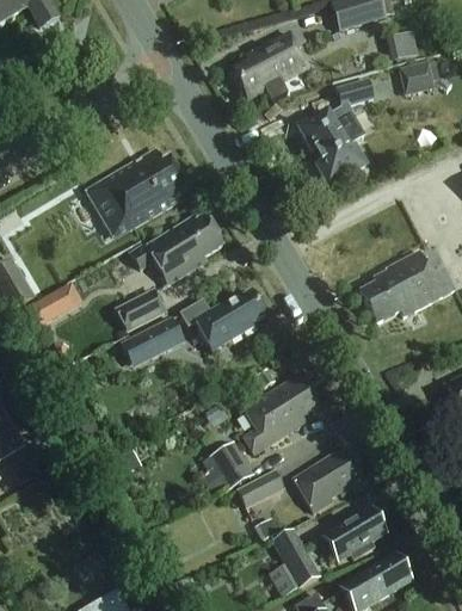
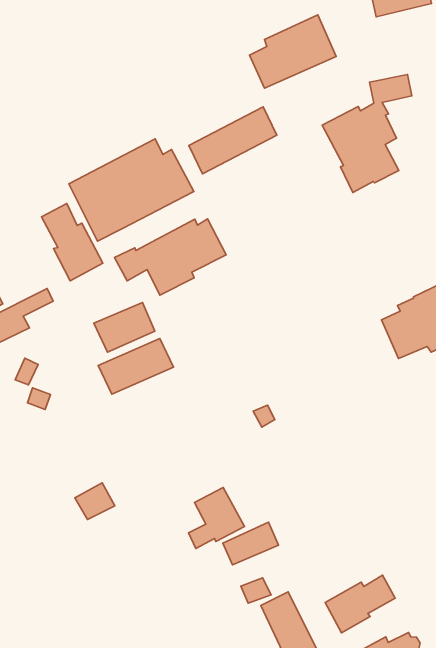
building: none -> [189,107,277,174]
building: none -> [42,204,103,281]
building: [180,291,267,350] -> none
building: [244,371,321,452] -> none
building: [295,448,368,510] -> none

